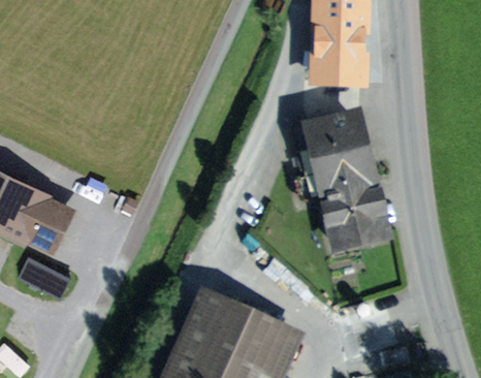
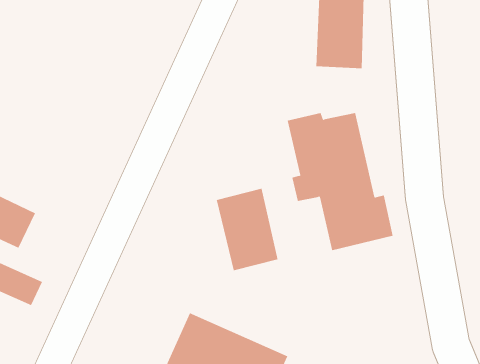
building: none -> [216,188,278,271]

